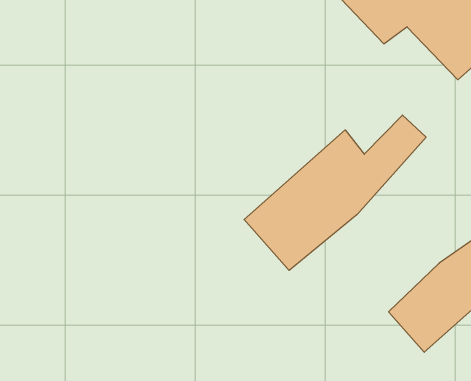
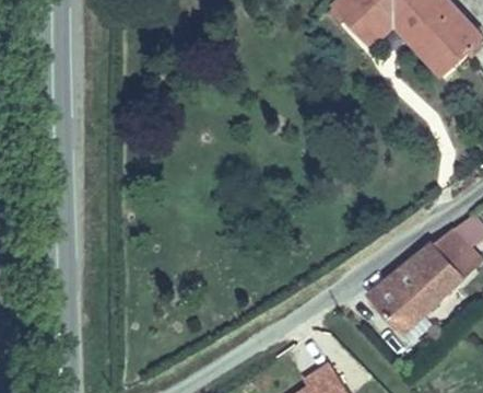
building: [244,115,426,270] -> none

